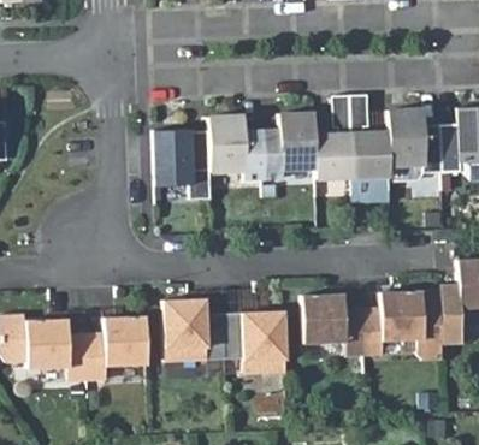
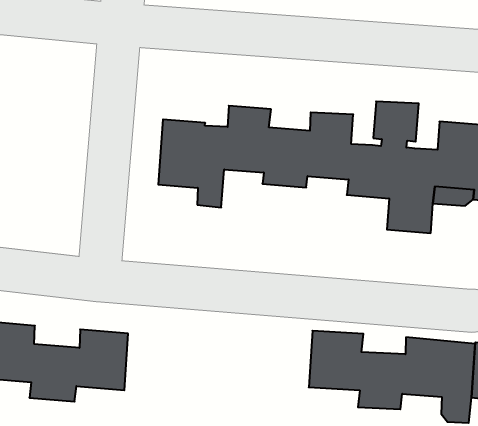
building: [162,299,285,373] -> none

